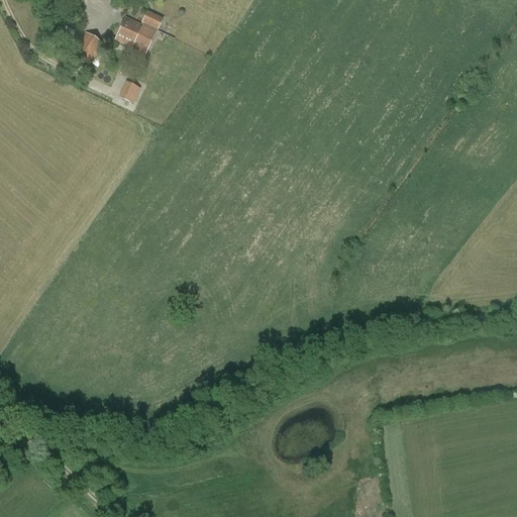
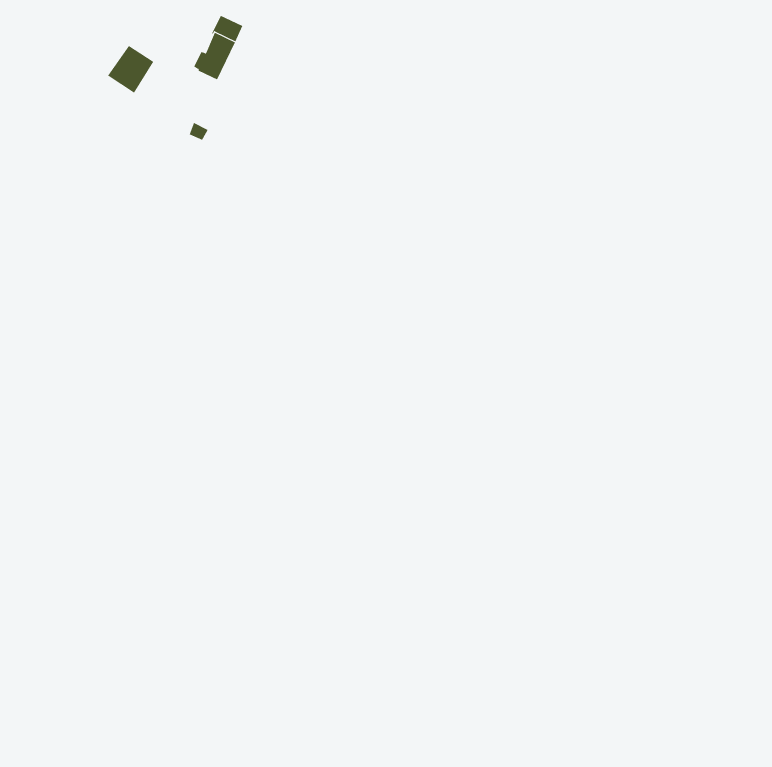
building: [115,15,142,44] -> none

